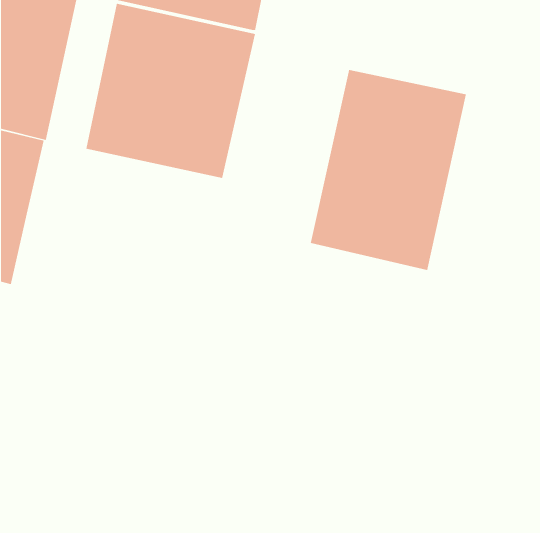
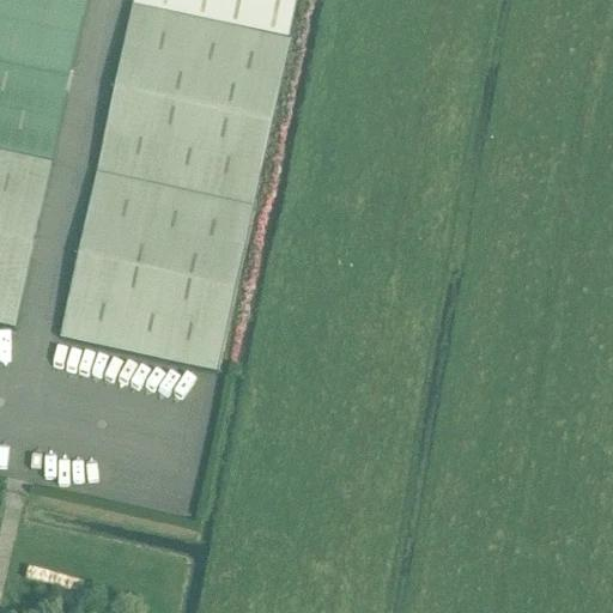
building: [310,69,466,271] -> none
building: none -> [60,171,251,369]

